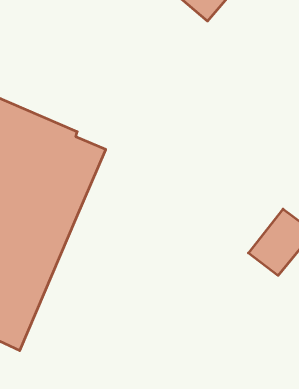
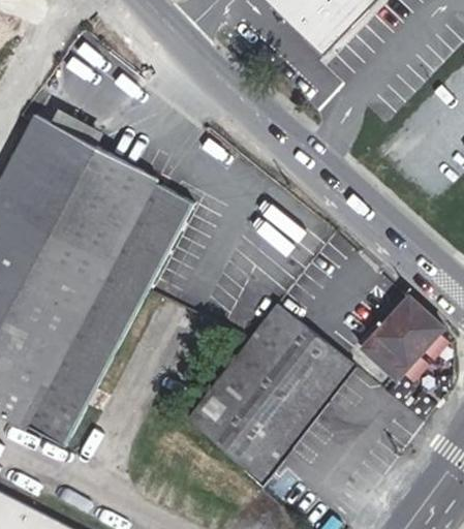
building: none -> [187,304,353,483]

